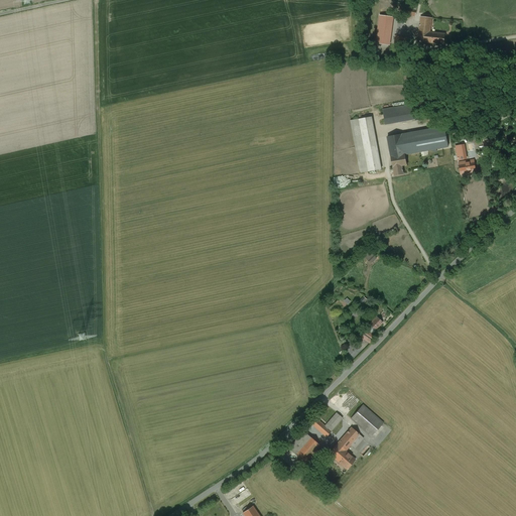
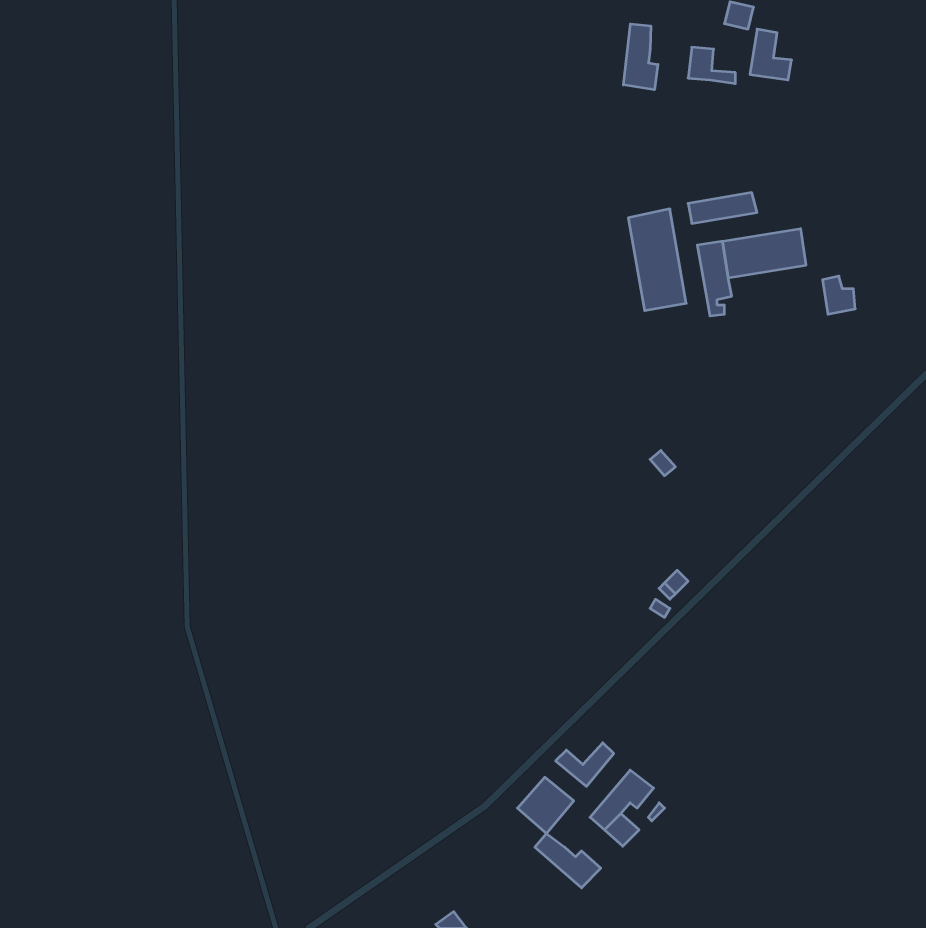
building: none -> [623,24,658,90]
building: [350,405,382,436] -> none
building: none -> [535,834,601,888]

